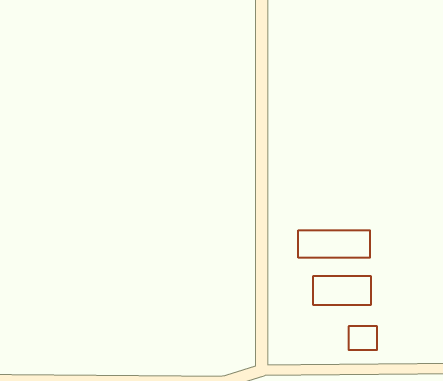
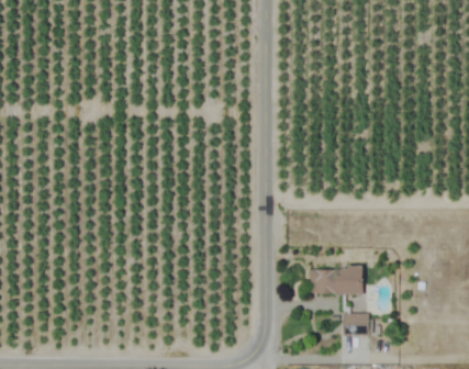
building: [298,230,370,258] -> none

